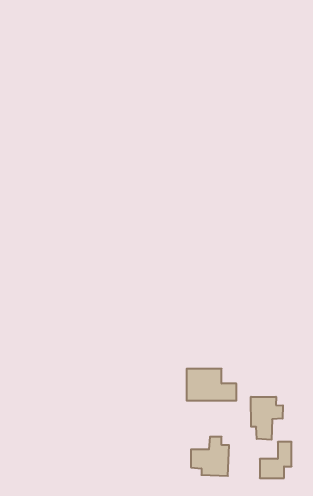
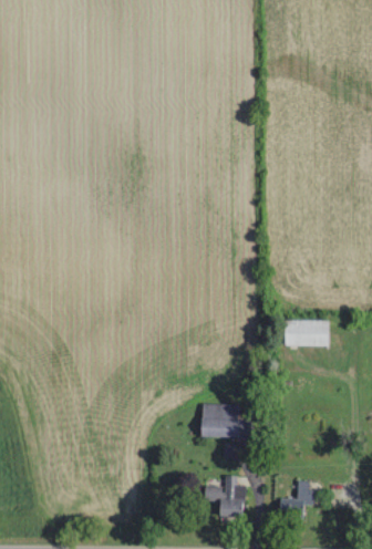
building: none -> [283,320,328,345]
building: [251,397,283,440] -> none

